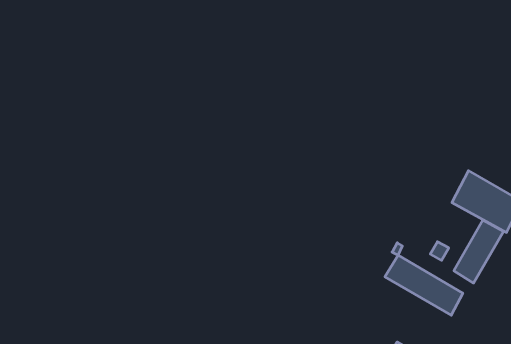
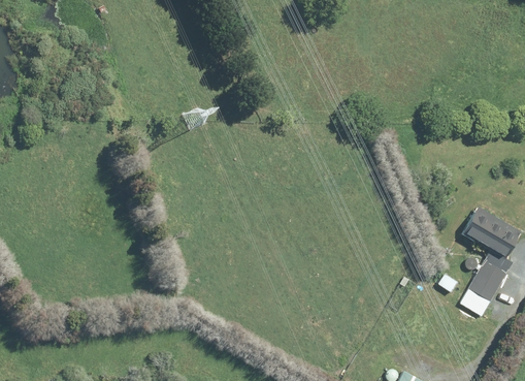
building: [385,255,463,315] -> none

